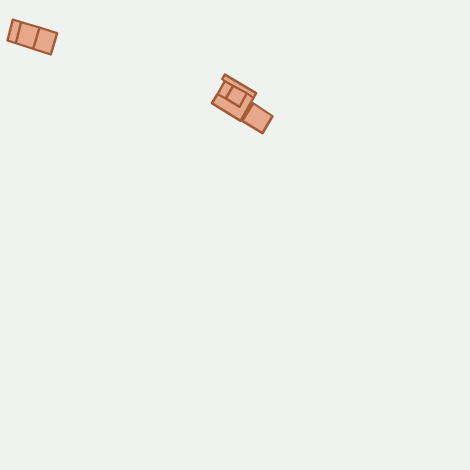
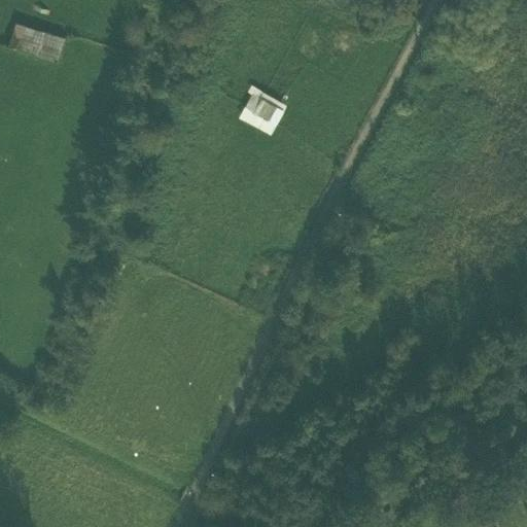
building: [242,103,272,133] -> none

